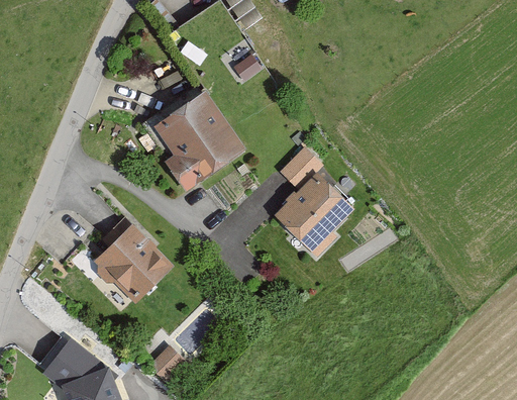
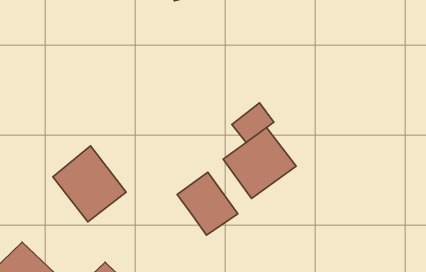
building: [150,87,245,189] -> none
building: none -> [177,172,238,235]

